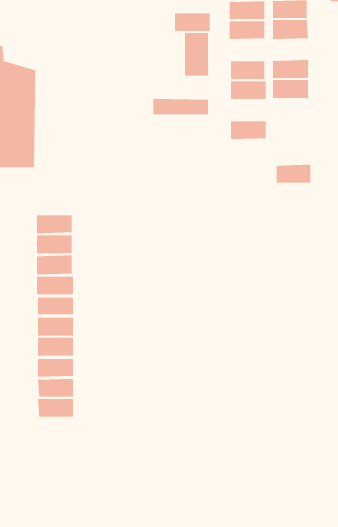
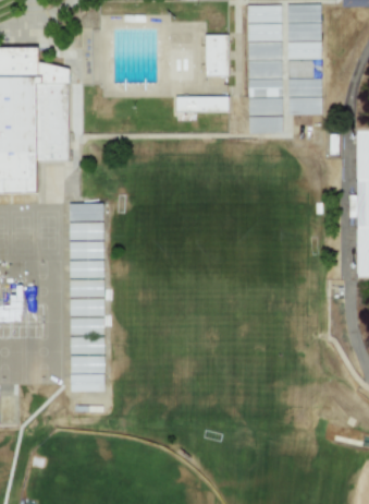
building: [174,13,210,32] -> [247,43,281,60]
building: none -> [287,43,321,59]
building: none -> [248,98,282,116]
building: [276,164,311,183] -> [288,97,321,115]

